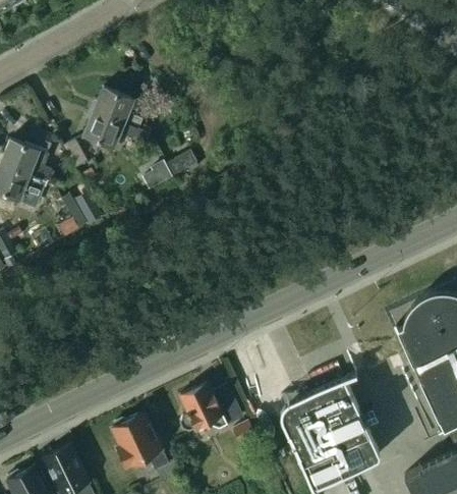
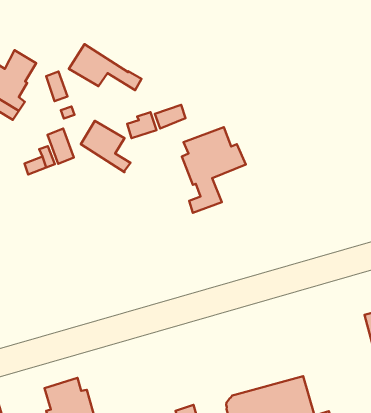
building: [95,90,142,131] -> [81,121,130,172]
building: none -> [182,127,246,213]
building: [180,384,243,433] -> none

